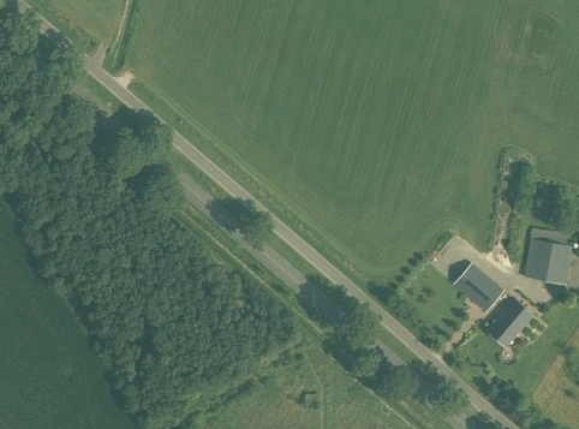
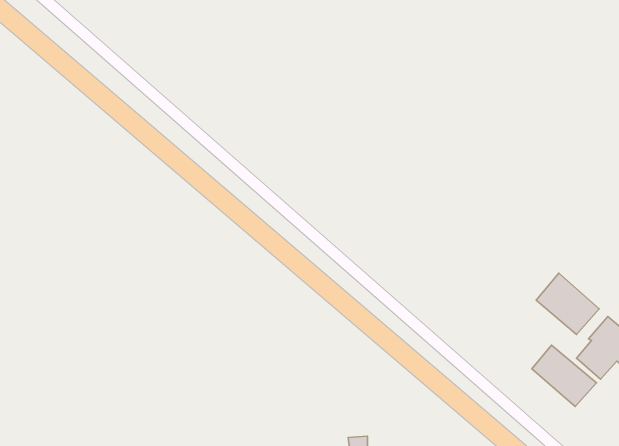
building: none -> [532,345,596,406]

